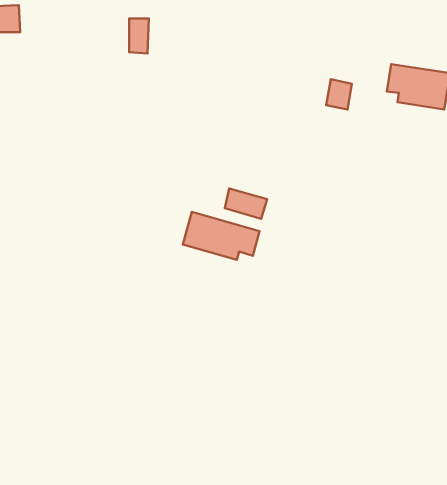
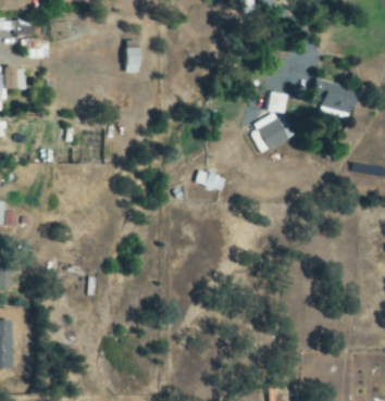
building: none -> [253,115,294,152]
building: [183,212,260,260] -> none

